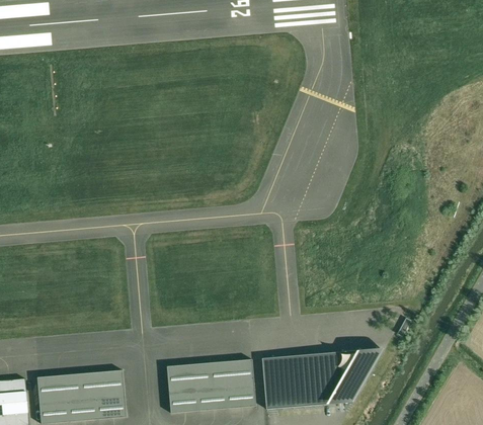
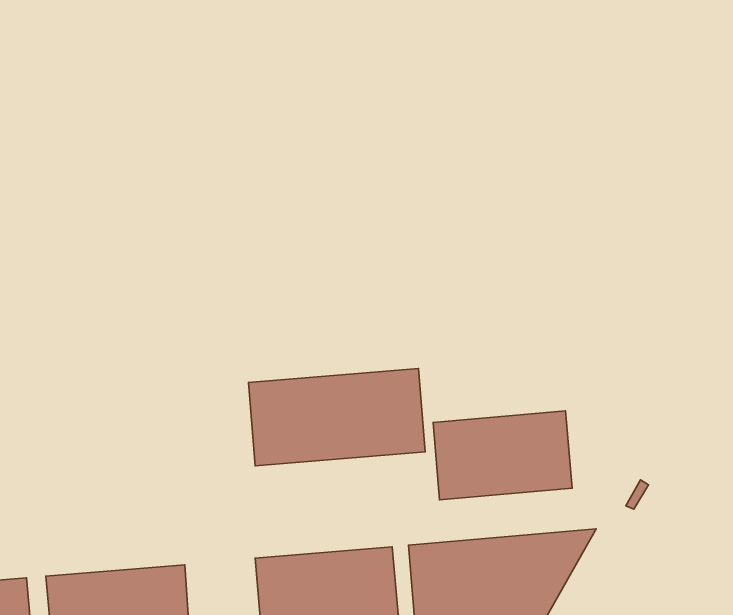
building: none -> [249,368,425,466]
building: none -> [433,411,572,500]

